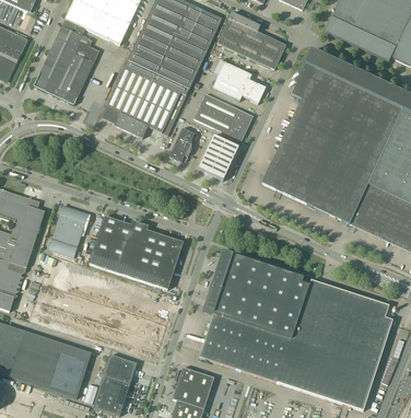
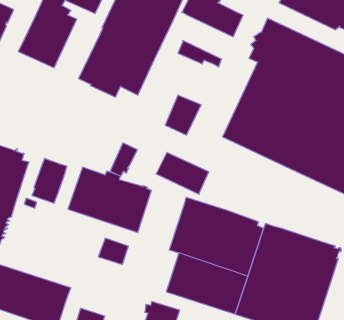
building: [213,58,266,94] -> none
building: [193,93,253,140] -> [156,152,209,194]
building: [167,127,198,164] -> [110,143,137,176]
building: [103,353,137,383] -> [98,238,128,264]

